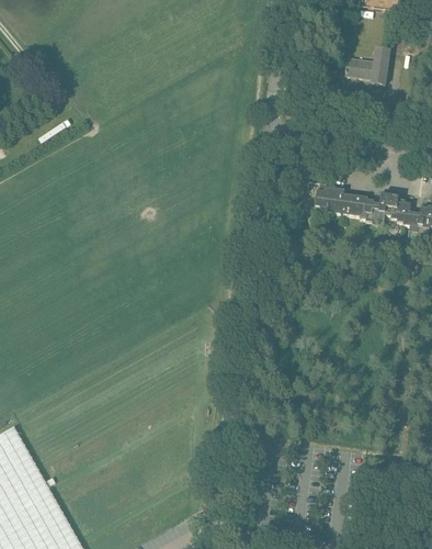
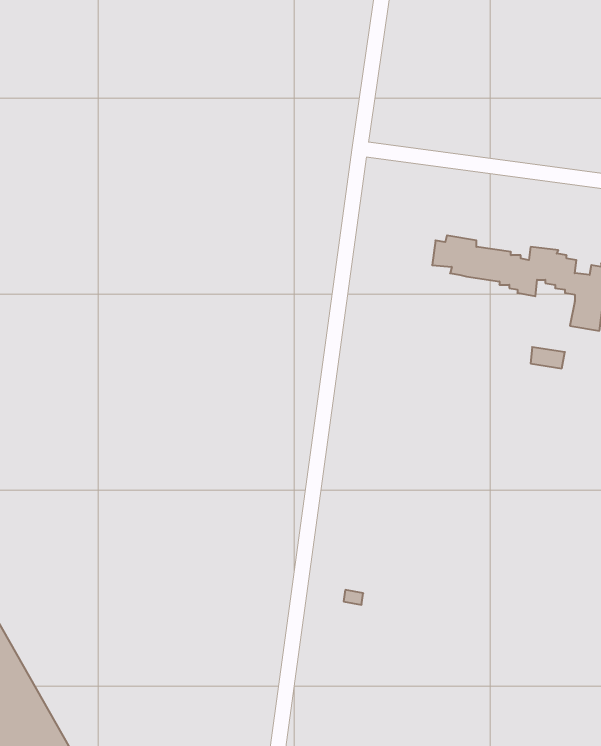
building: [345,48,390,85] -> none

